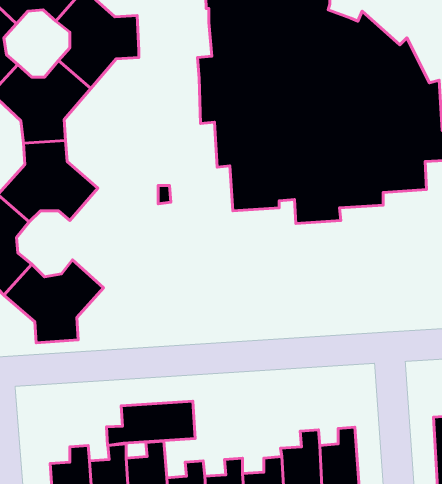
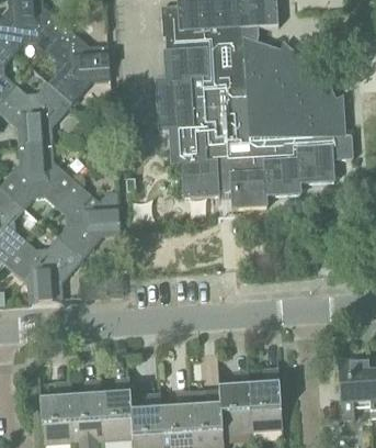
building: none -> [55,181,119,259]
building: [107,401,195,445] -> none

